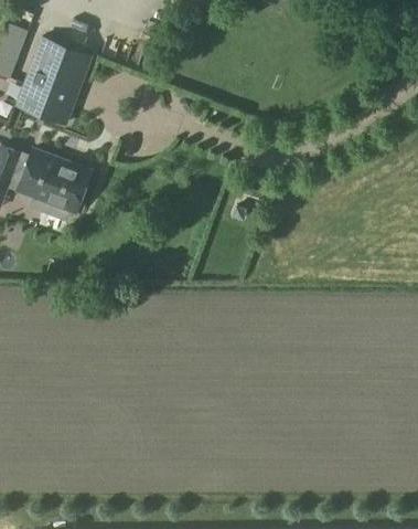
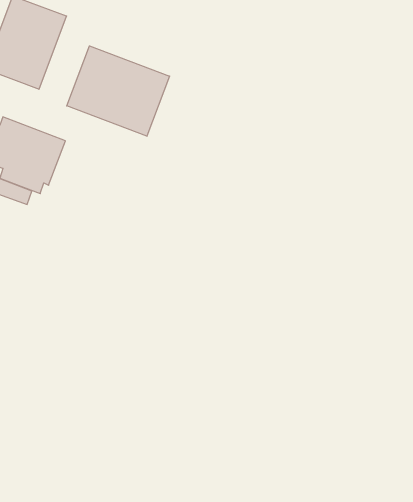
building: none -> [67,46,170,136]

